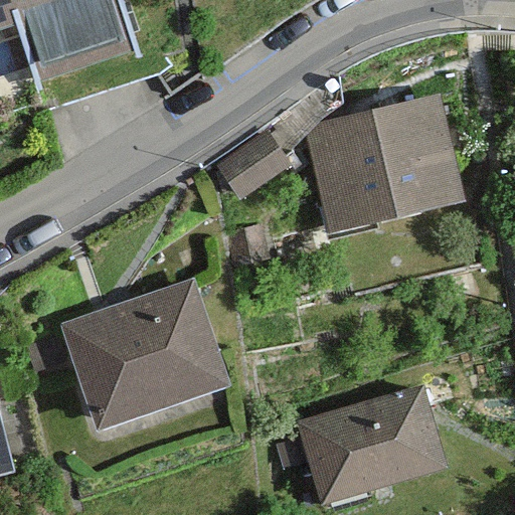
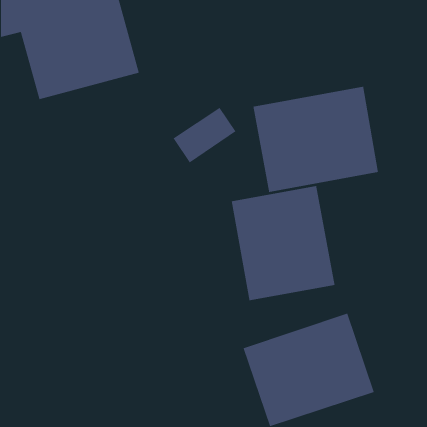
building: none -> [231,185,336,301]
building: [61,277,229,422] -> none

